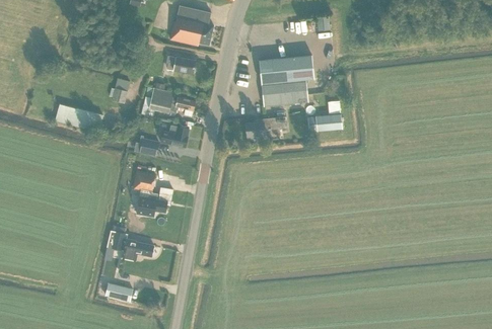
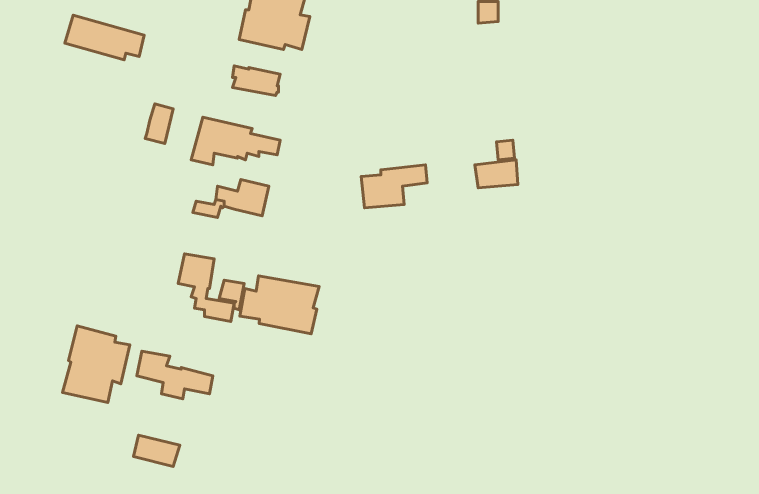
building: [259,55,314,105] -> none
building: [54,102,102,130] -> [65,15,144,60]
building: none -> [240,276,319,334]
building: none -> [62,326,130,403]

